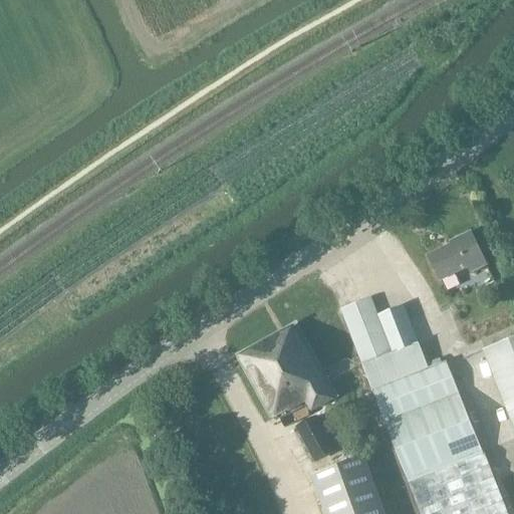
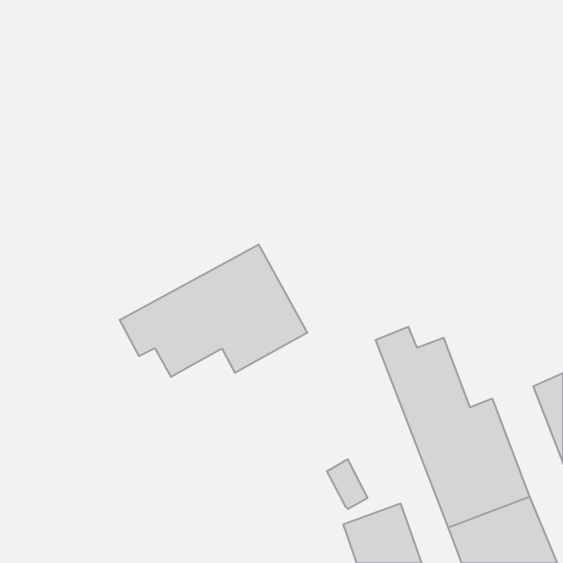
building: none -> [120,244,307,377]
building: [428,233,486,281] -> none
building: [237,323,337,419] -> none

